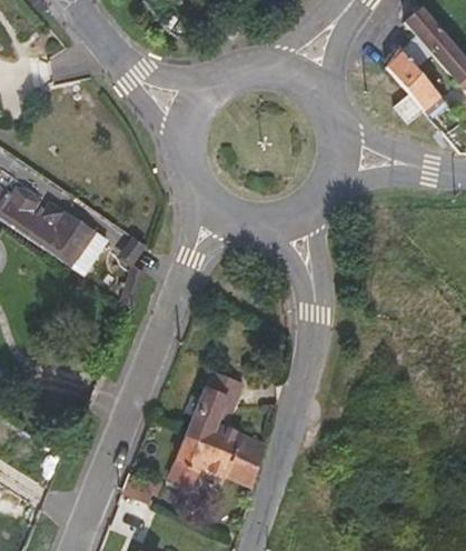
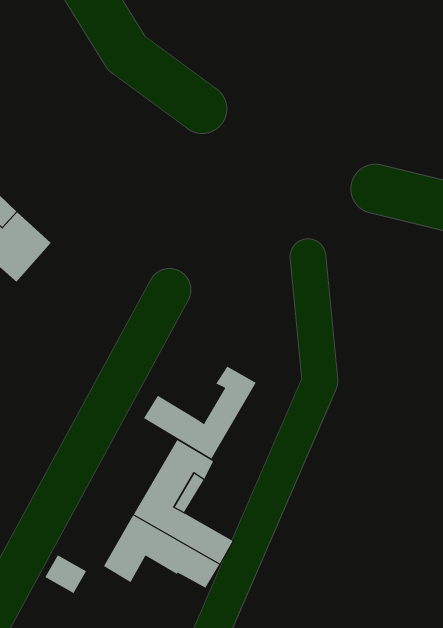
building: none -> [143,366,256,460]

